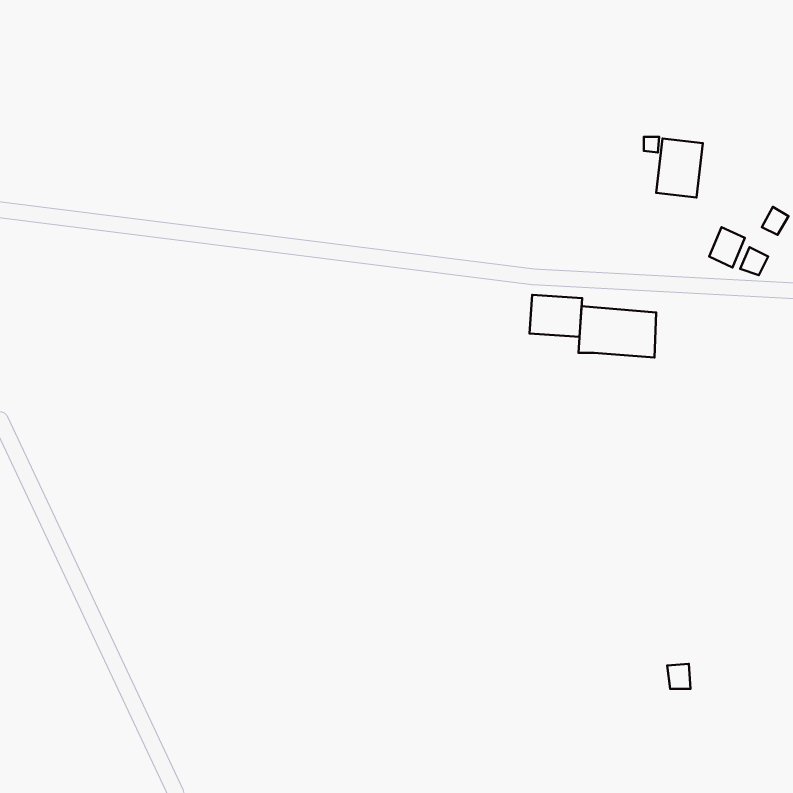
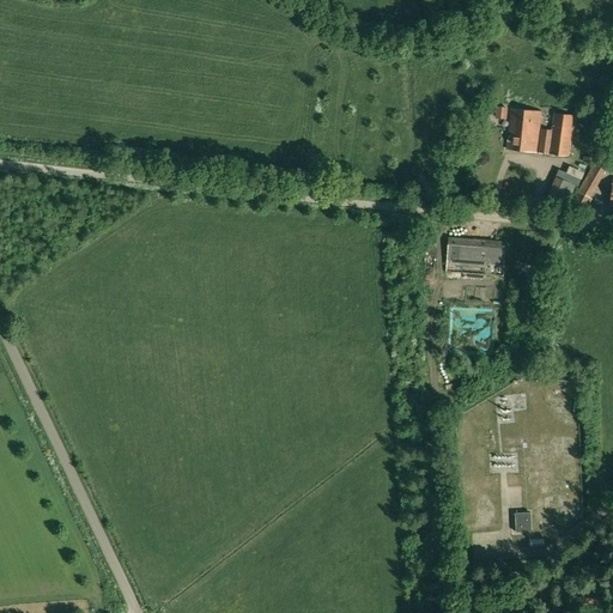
building: none -> [539,111,575,156]
building: [529,295,582,337] -> none

